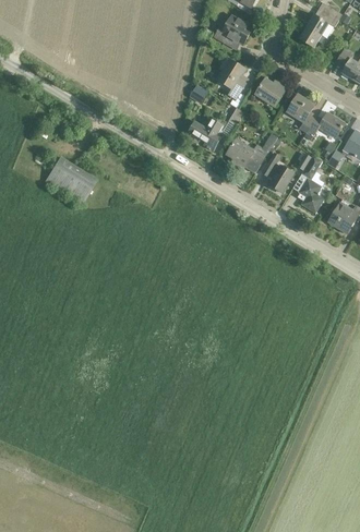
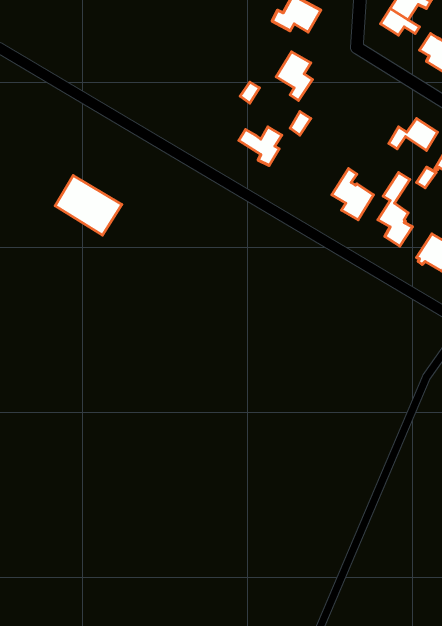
building: [255,78,286,105] -> none
building: [286,94,313,132] -> none
building: [226,138,267,171] -> none

